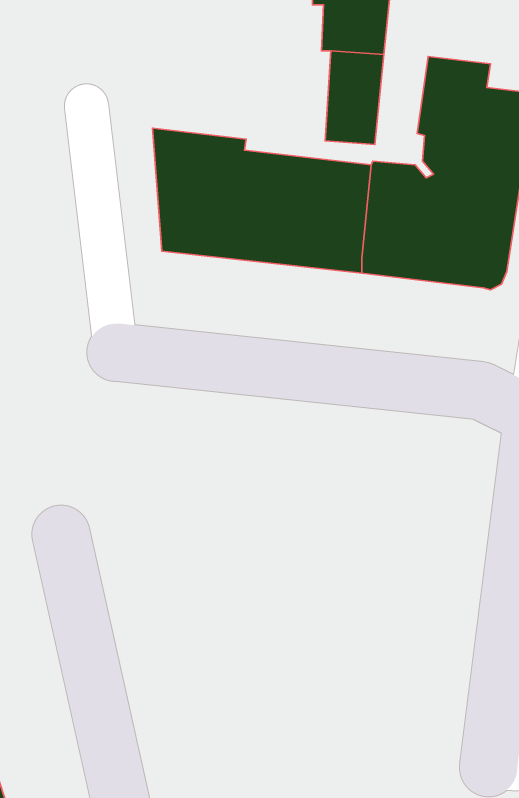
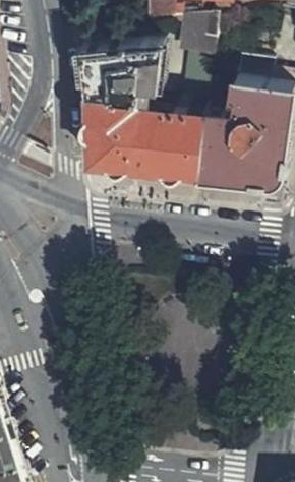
building: none -> [80,42,165,103]

